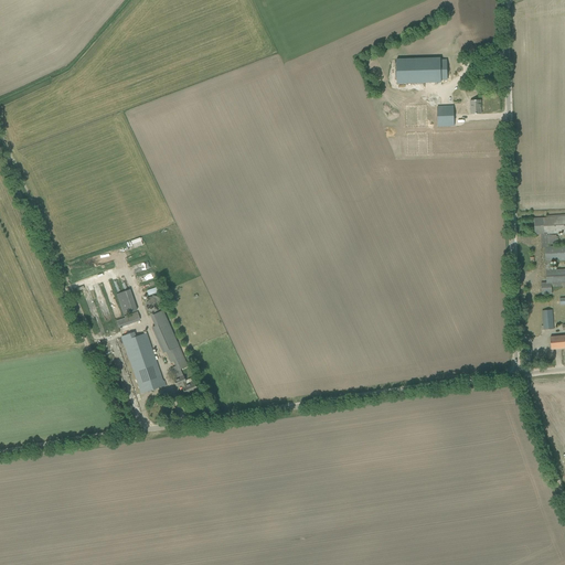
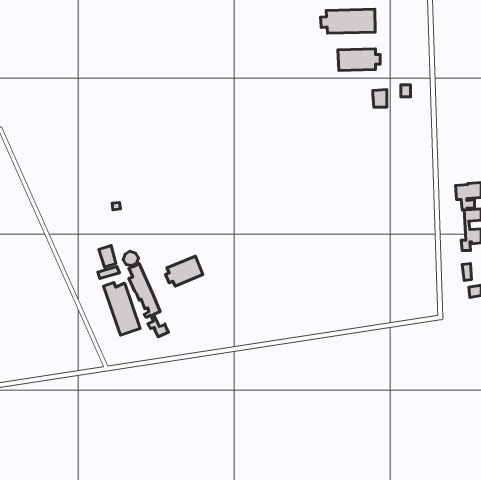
building: none -> [321,9,375,33]
building: none -> [166,256,203,286]

